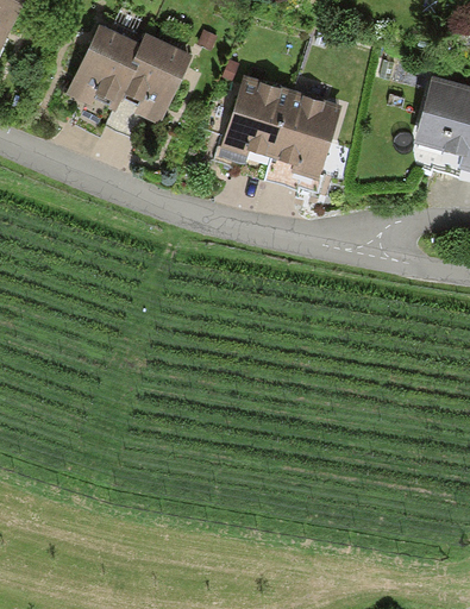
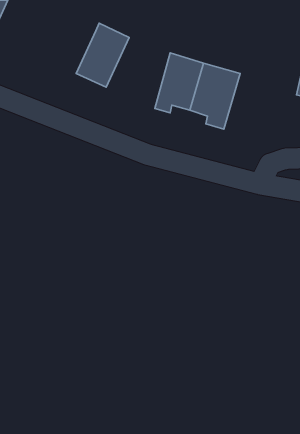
building: [61,27,138,123] -> none

